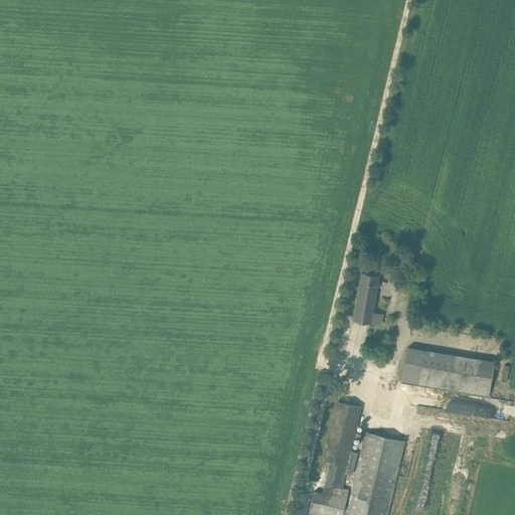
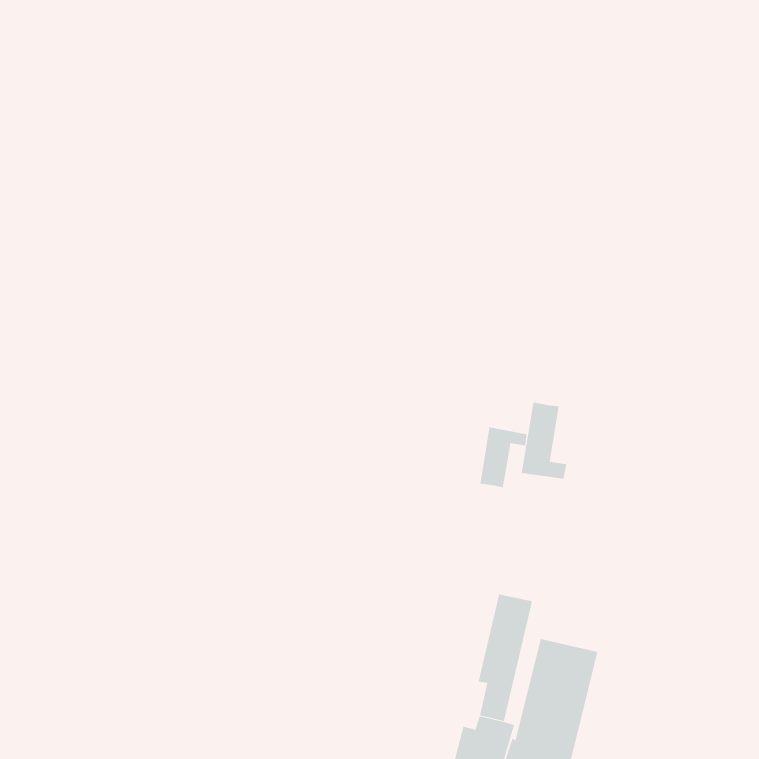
building: none -> [480,427,527,488]
building: [400,348,494,396] -> none

